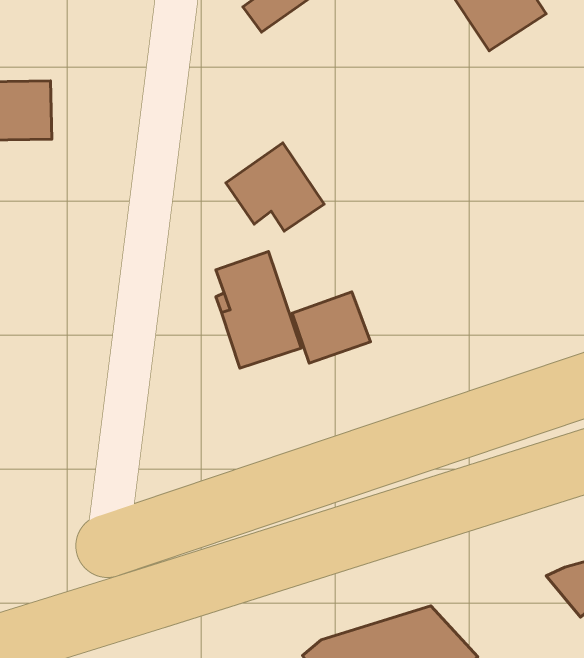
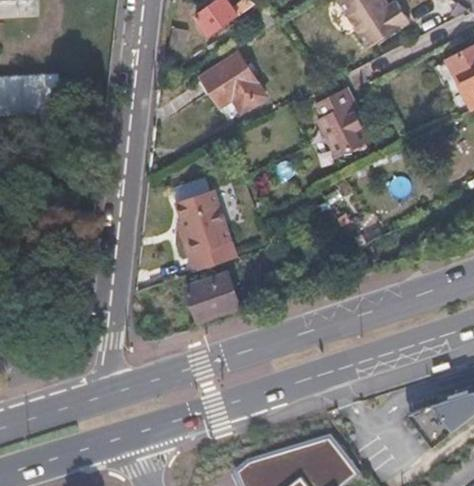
building: none -> [316,89,369,158]
building: [226,143,324,231] -> [199,50,268,112]
building: [292,292,370,363] -> [185,271,240,321]

